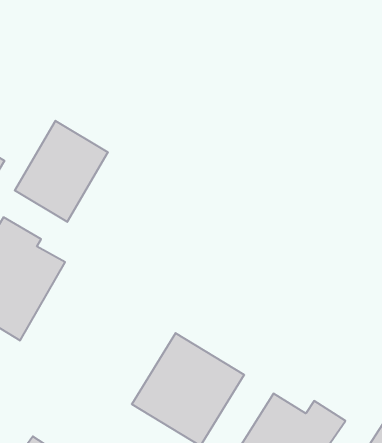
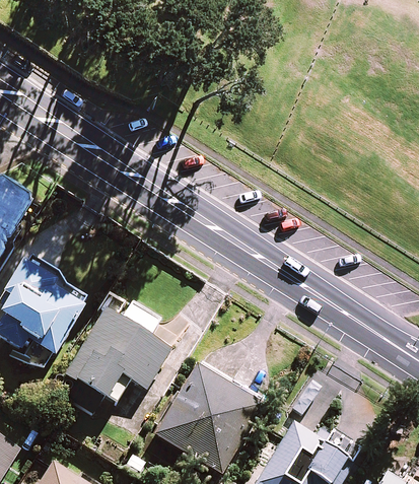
building: [15,121,108,222] -> none
building: none -> [65,304,169,405]

